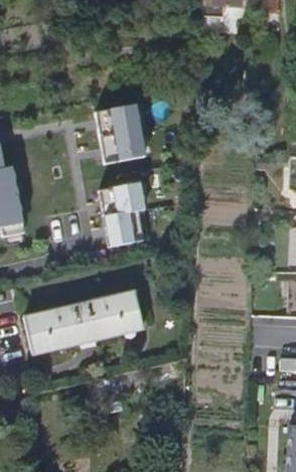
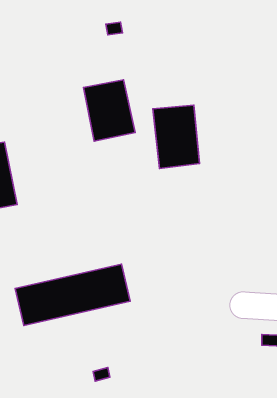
building: [101,181,149,247] -> [153,105,200,168]

